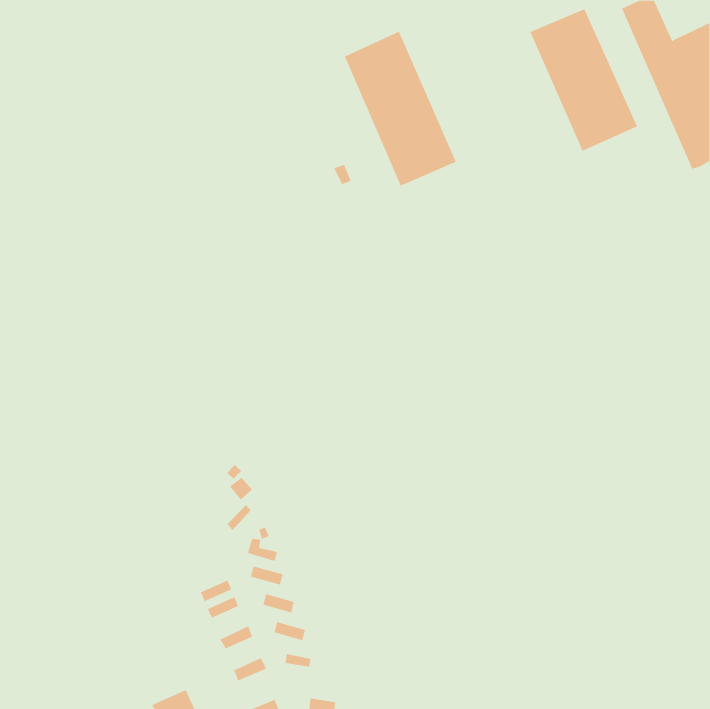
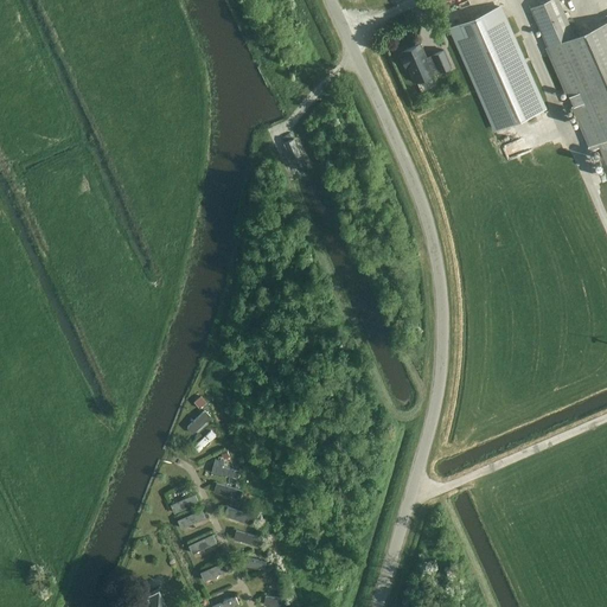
building: [344,31,456,186] -> none
building: none -> [400,44,452,84]

